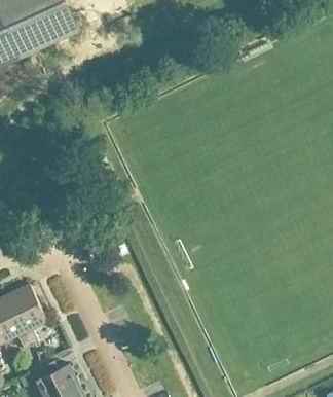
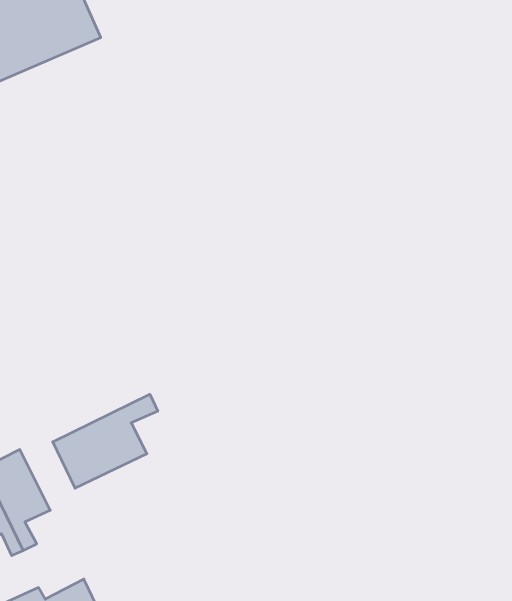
building: none -> [53,394,158,488]

